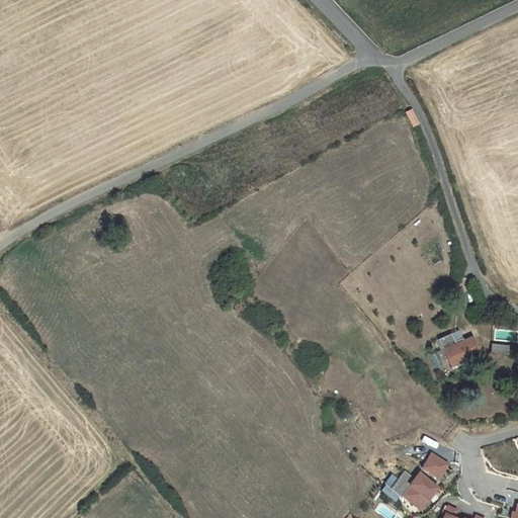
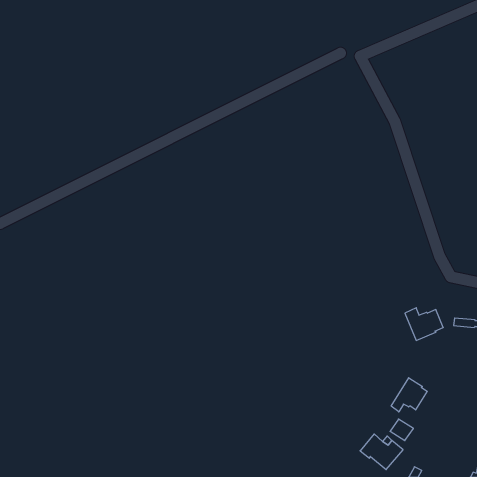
building: none -> [391,378,427,412]

